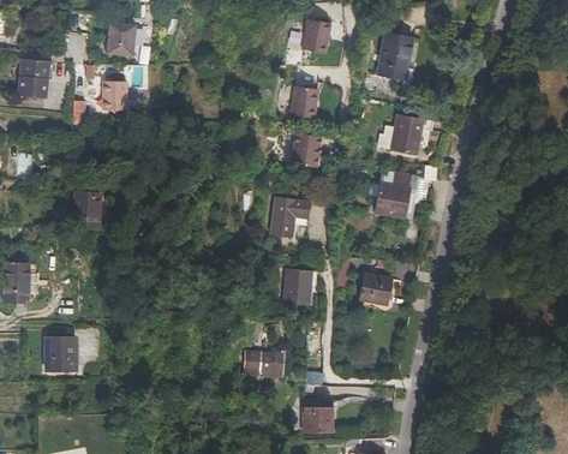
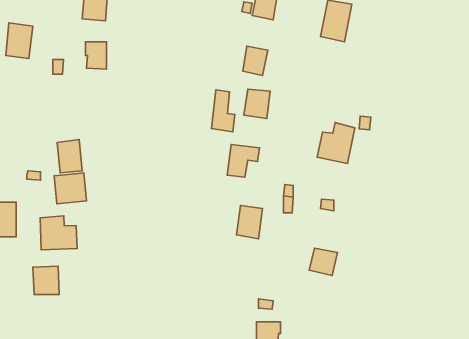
building: [372,115,418,154] -> none
building: none -> [211,90,235,132]
building: none -> [54,173,87,204]
building: [358,274,390,305] -> [309,248,337,275]
building: none -> [40,216,77,250]
building: [243,354,279,378] -> none

